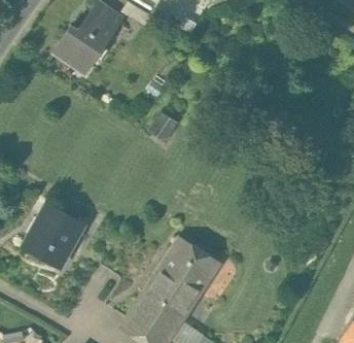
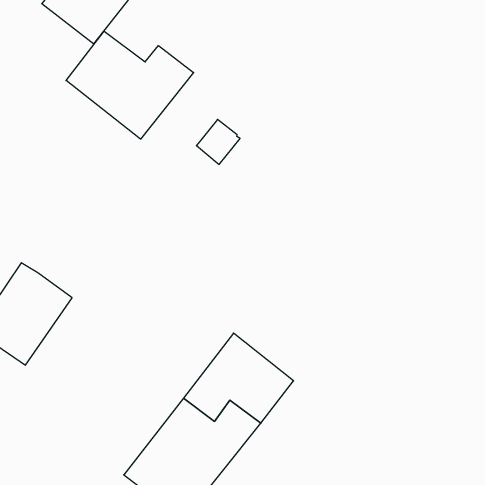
building: none -> [66,31,194,139]

